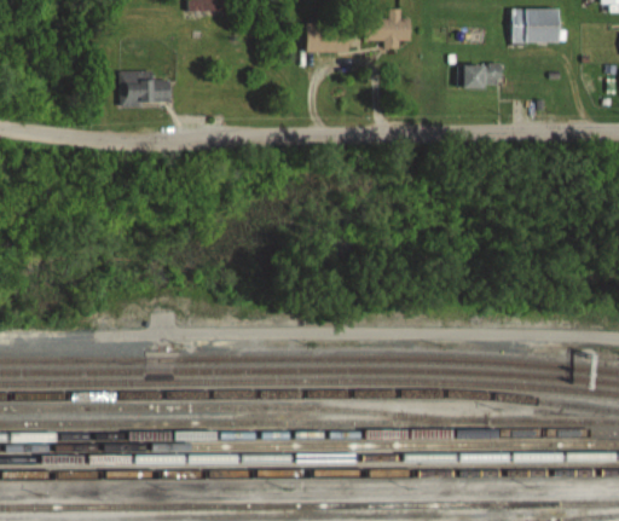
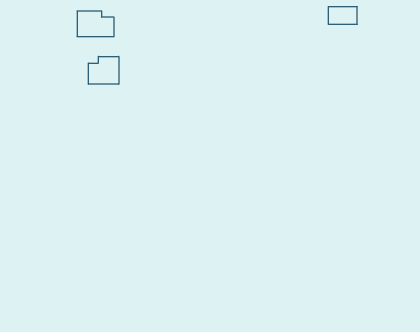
building: none -> [88,56,119,84]

